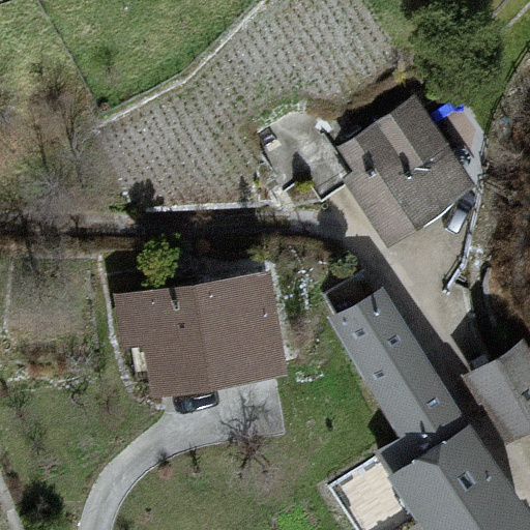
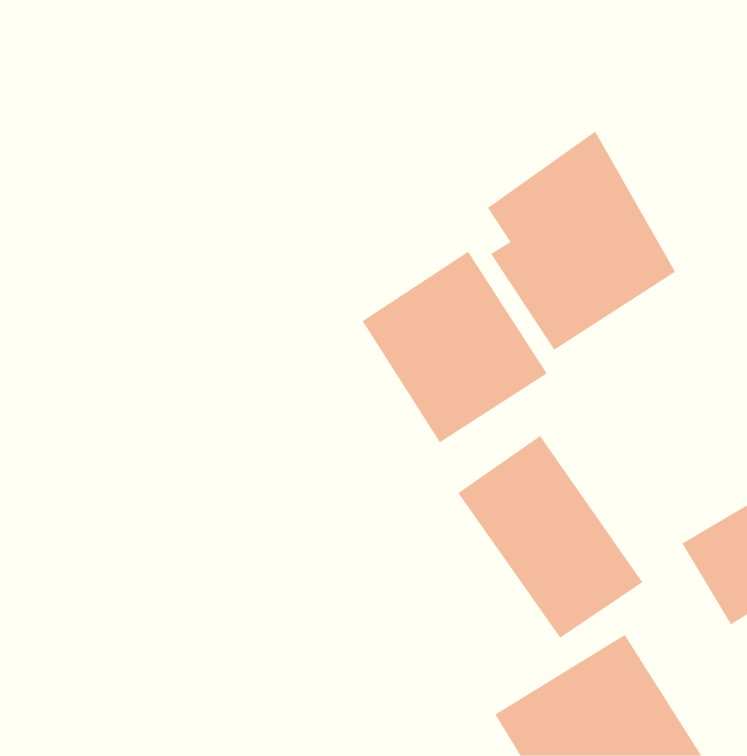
building: none -> [362,251,547,443]
building: [120,267,291,395] -> none

